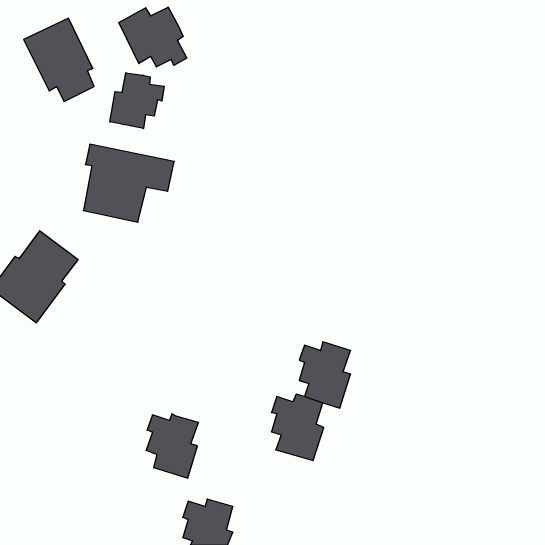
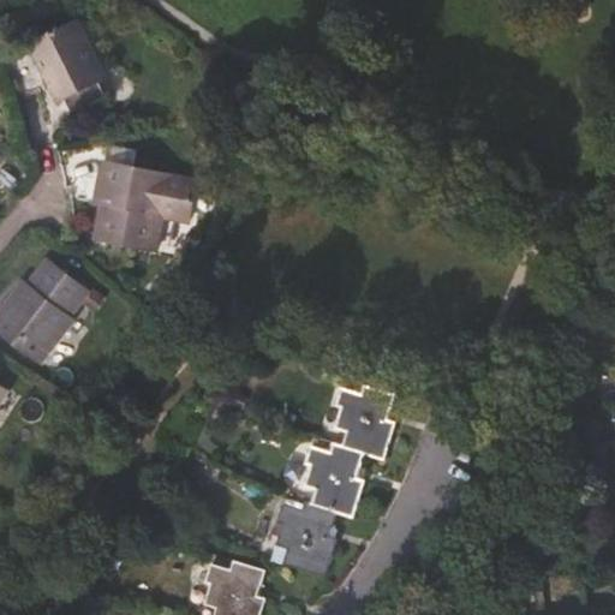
building: [119,7,187,67] -> none
building: [110,73,164,129] -> none
building: [146,414,198,478] -> [276,503,335,575]

